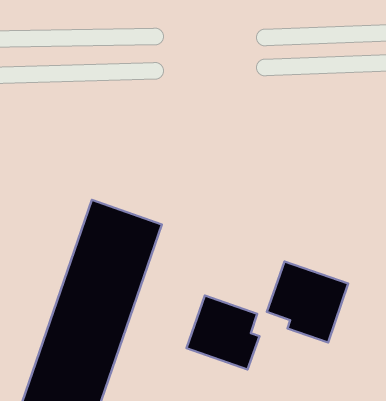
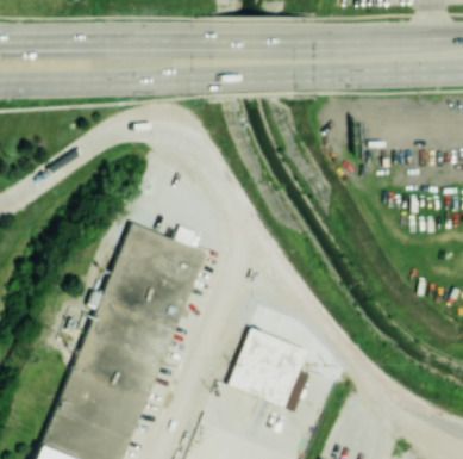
building: [267,262,348,342] -> none

